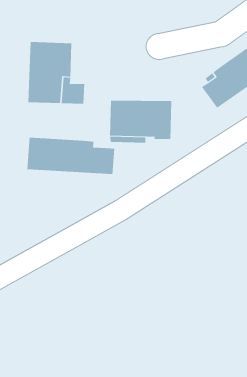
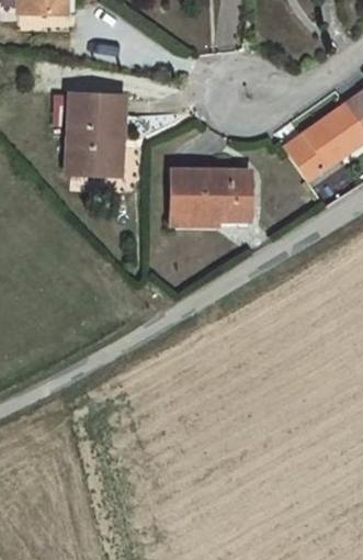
building: [27,137,115,175] -> none

